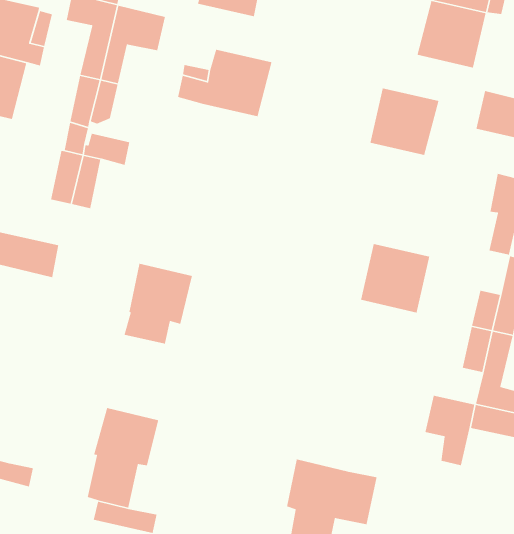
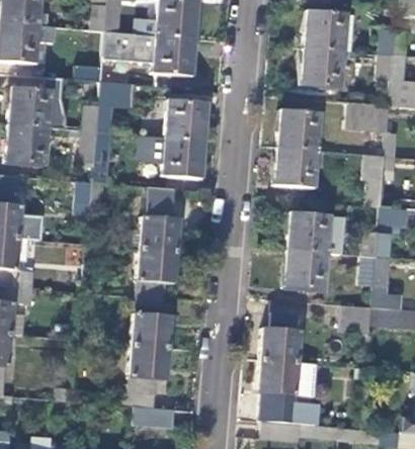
building: none -> [163,139,204,180]
building: none -> [276,148,317,188]
building: none -> [141,188,180,251]
building: none -> [285,251,327,290]
building: none -> [134,296,172,348]
building: none -> [262,311,300,363]

